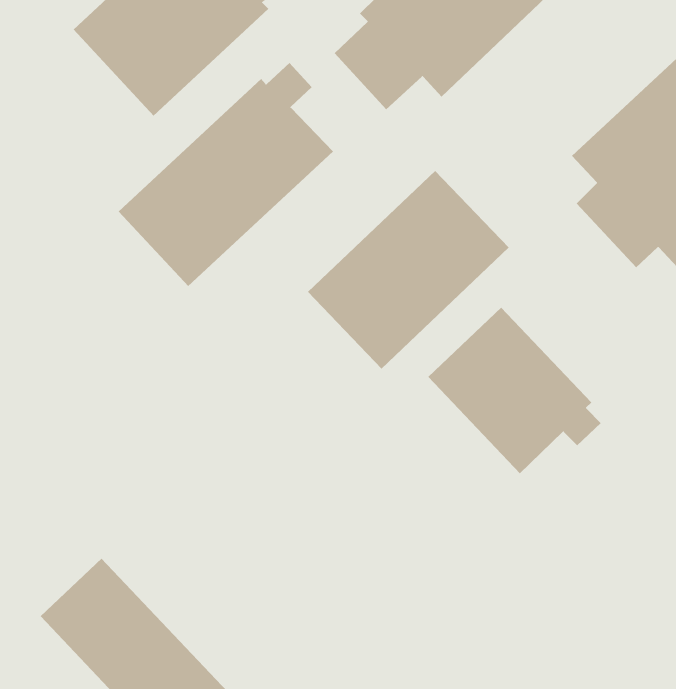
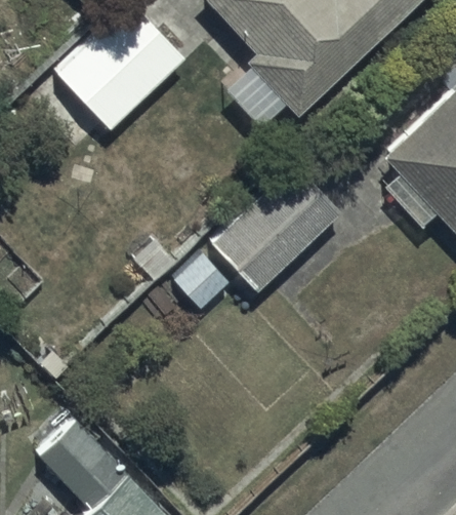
building: [118,62,334,287] -> none
building: [427,307,602,474] -> none

